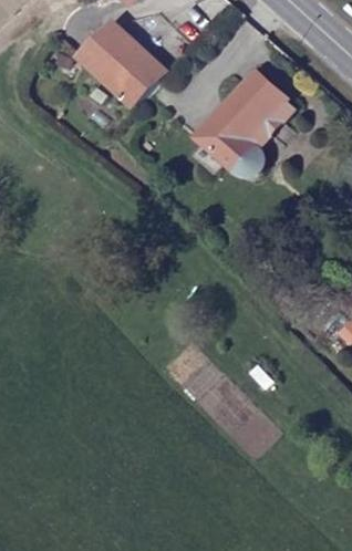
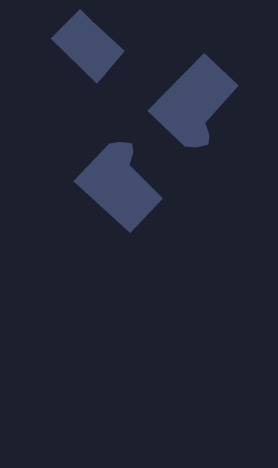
building: none -> [73,141,164,234]

